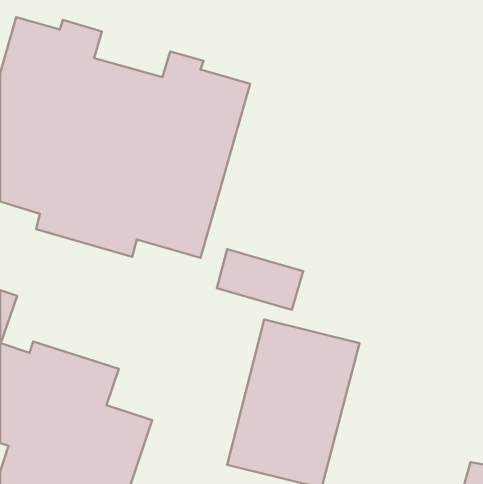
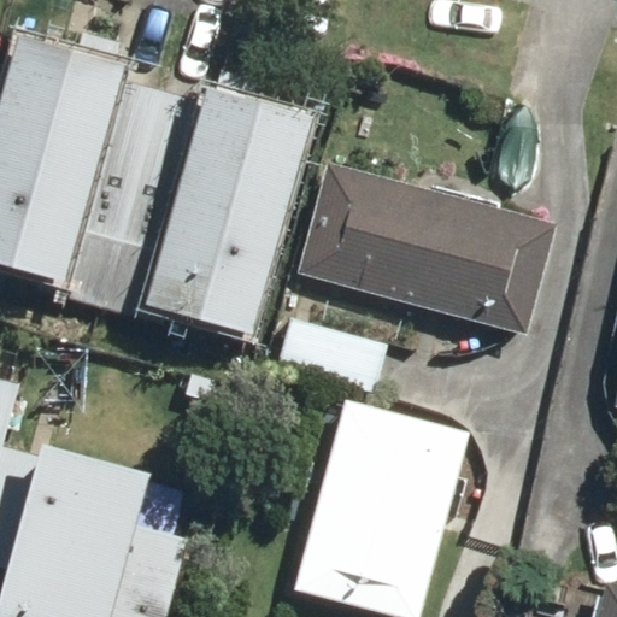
building: none -> [294,166,551,334]

